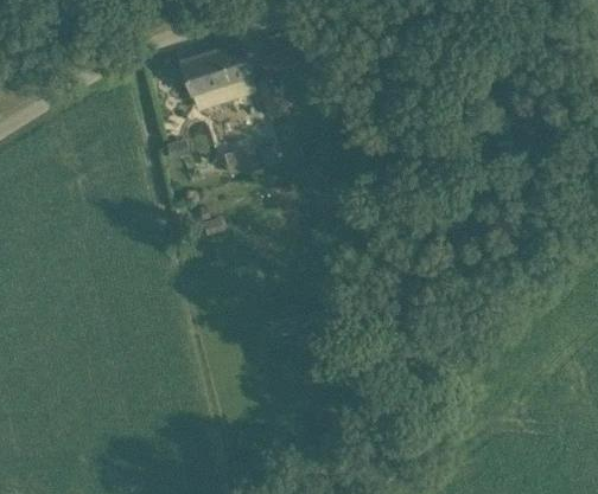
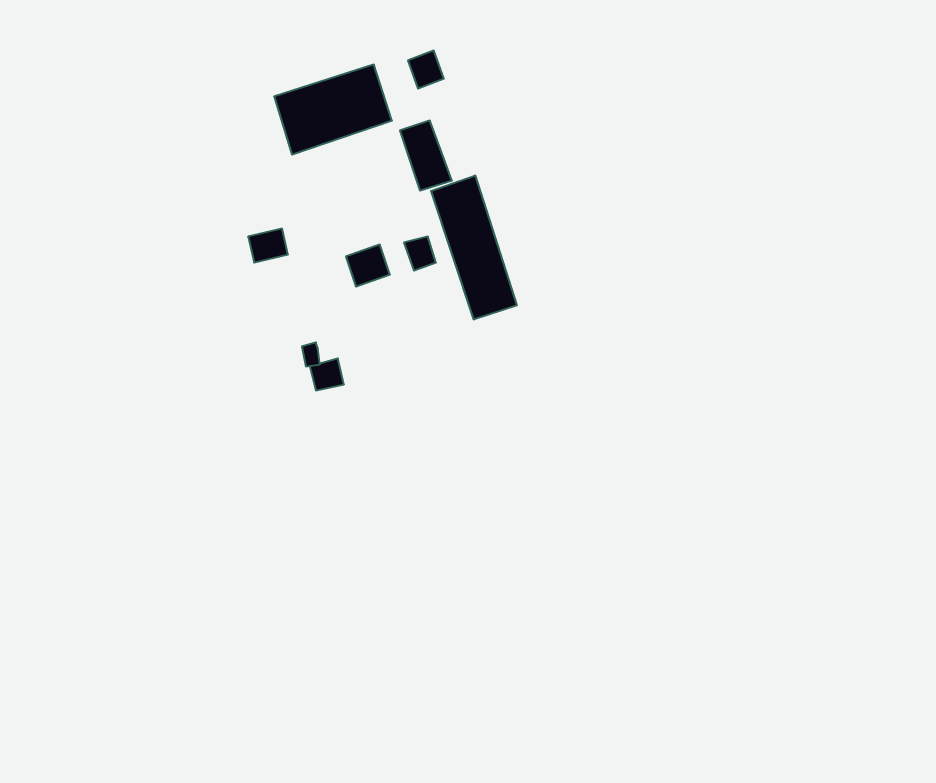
building: none -> [431,175,517,320]

